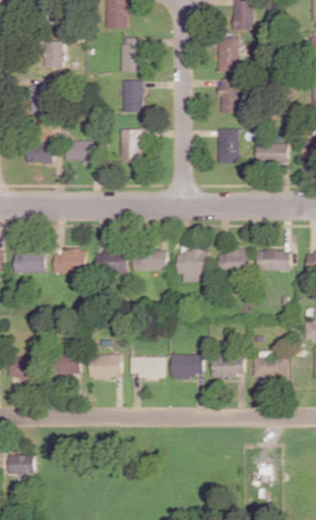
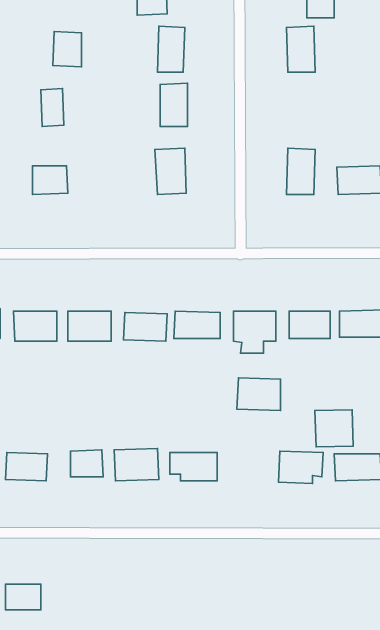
building: [219,79,240,113] -> none
building: [65,139,96,162] -> none
building: none -> [315,410,353,447]
building: [171,353,203,378] -> [237,378,280,410]

